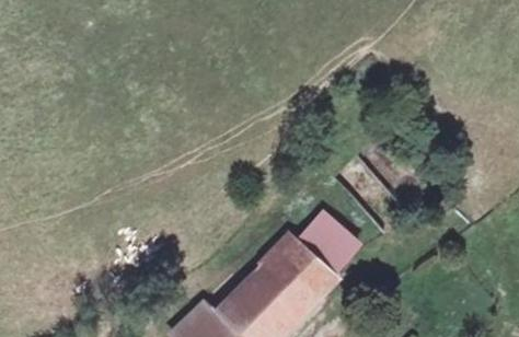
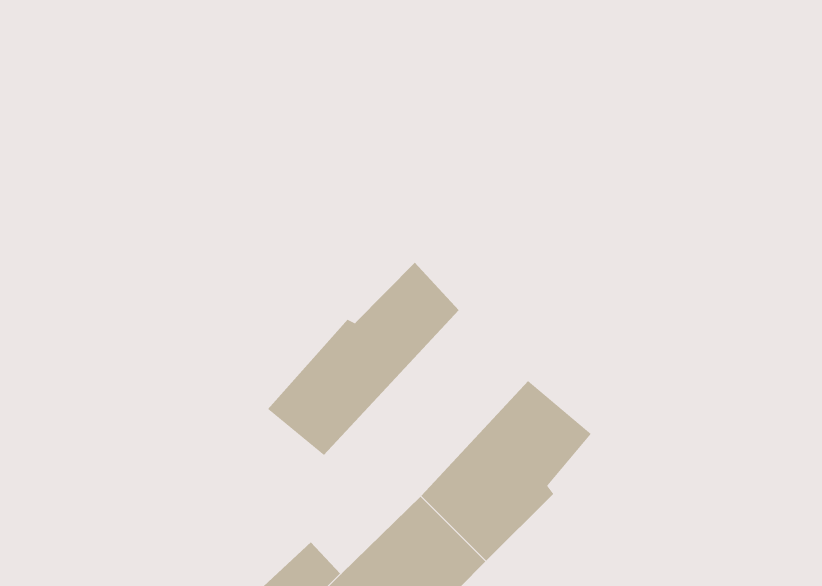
building: none -> [267,262,459,456]

